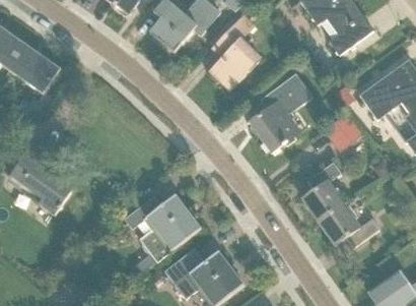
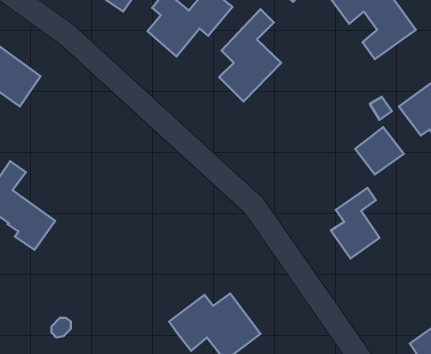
building: [249,72,313,151] -> none
building: [124,193,201,261] -> none
building: [319,203,379,246] -> none

